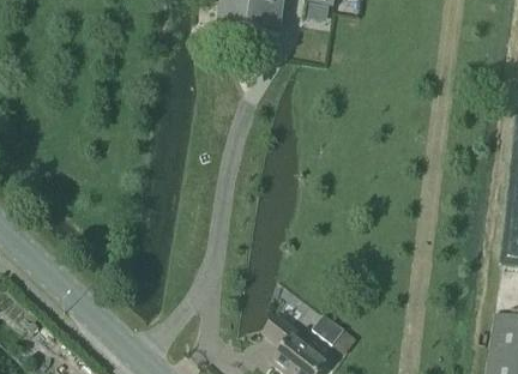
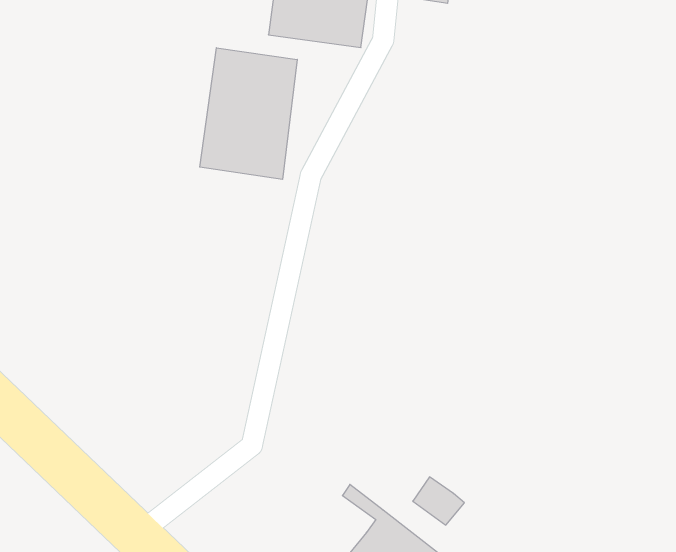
building: none -> [200,48,297,179]

